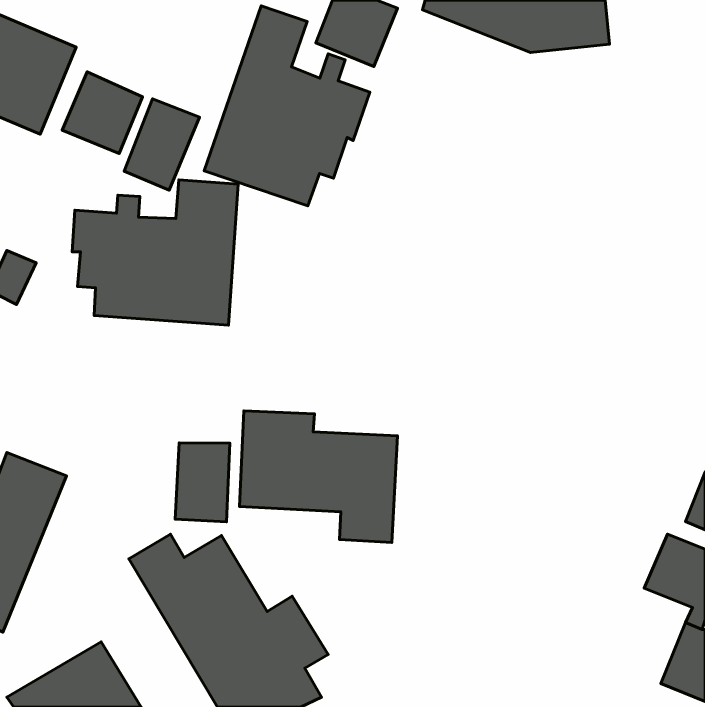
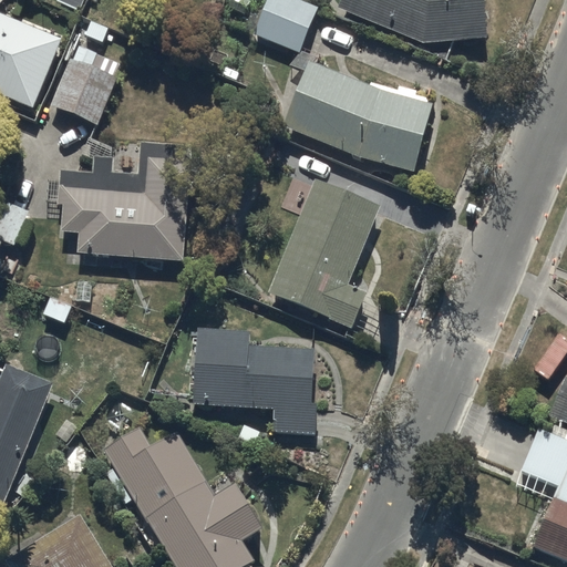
building: [204,6,370,206] -> none
building: none -> [282,60,434,172]
building: [124,99,199,190] -> none
building: none -> [267,177,380,328]
building: [175,443,230,522] -> none

